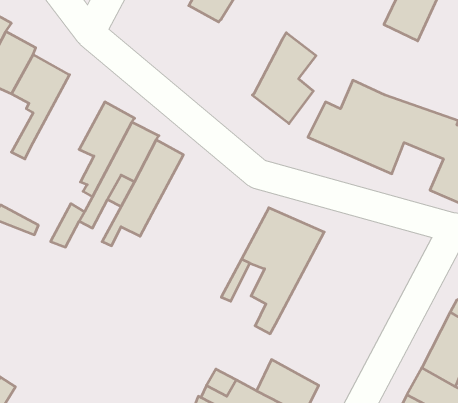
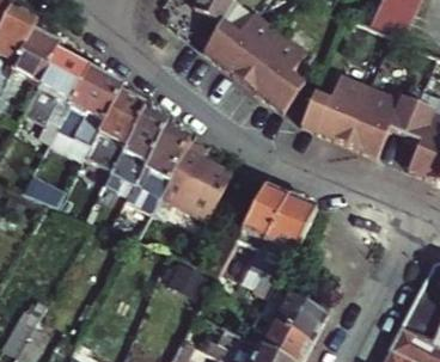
building: none -> [204,11,281,84]
building: none -> [57,67,123,146]
building: none -> [160,137,232,217]
building: none -> [257,287,324,340]

